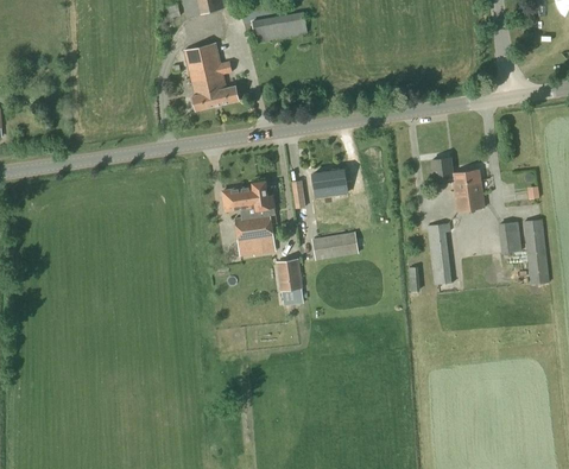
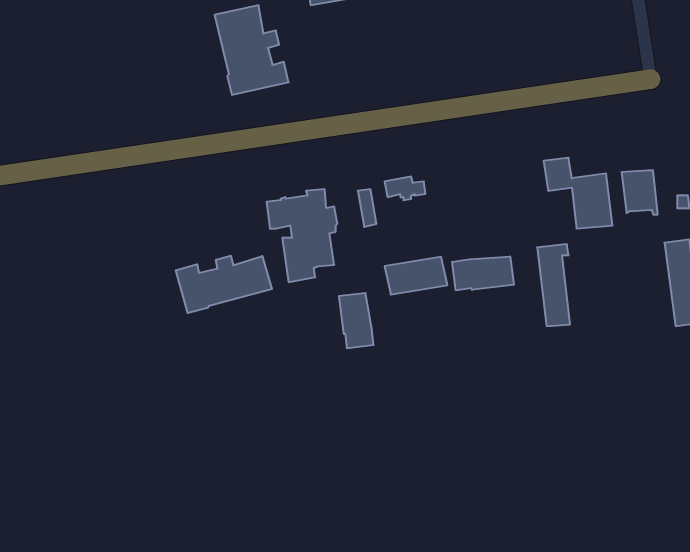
building: [498,221,525,254] -> [622,170,658,214]
building: none -> [176,256,272,313]
building: none -> [452,256,514,290]

